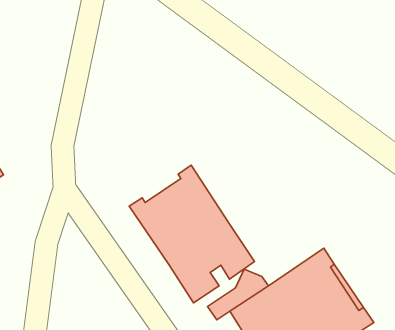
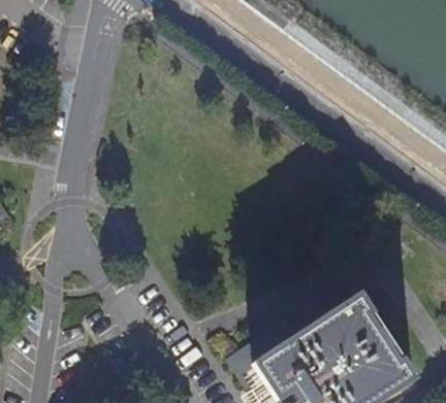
building: [129,165,255,303] -> none

